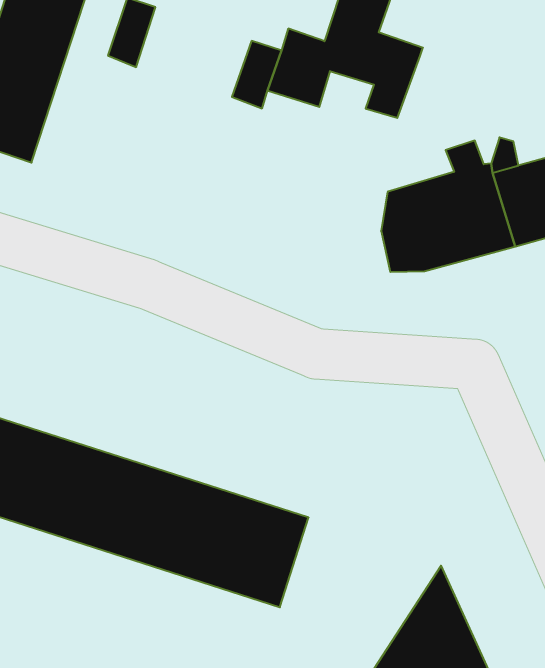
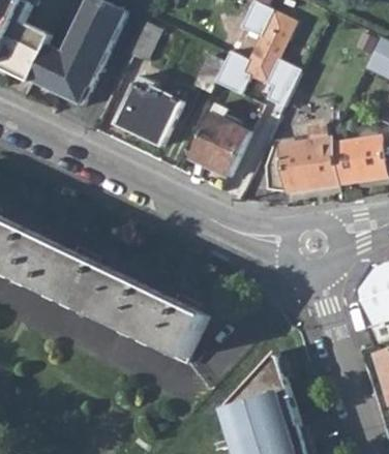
building: none -> [117,74,182,145]
building: none -> [190,105,251,178]

